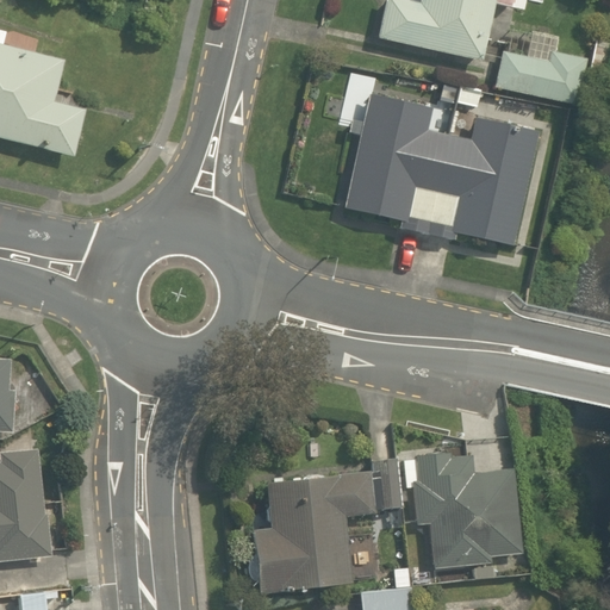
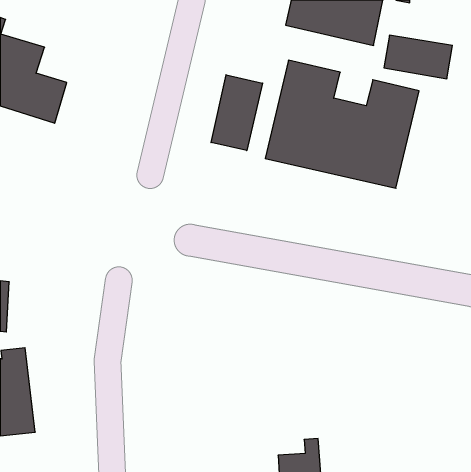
building: none -> [211,75,263,151]
building: [406,453,519,568] -> none
building: [250,461,400,595] -> none

